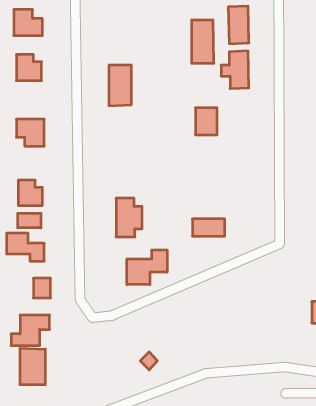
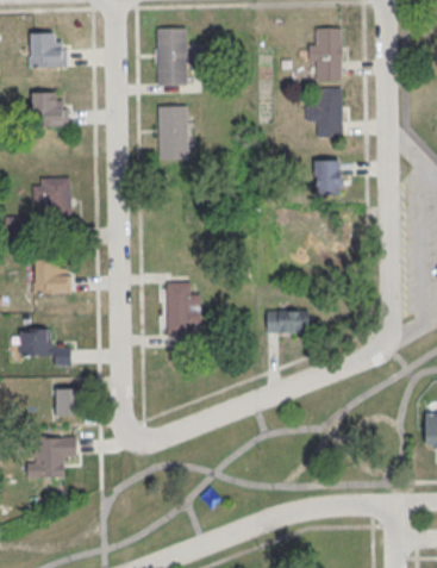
building: [192,20,214,63] -> [156,29,186,86]
building: [195,108,217,135] -> [313,161,342,196]
building: [18,213,41,228] -> none
building: [127,250,167,285] -> none
building: [20,348,45,385] -> none

